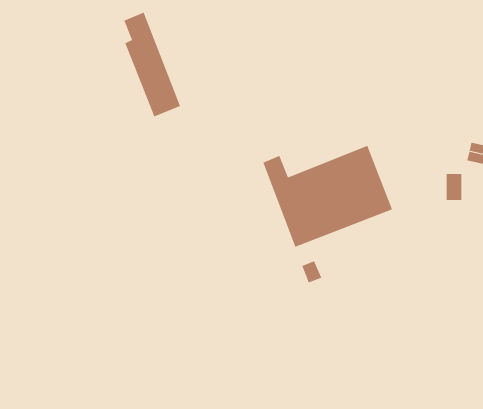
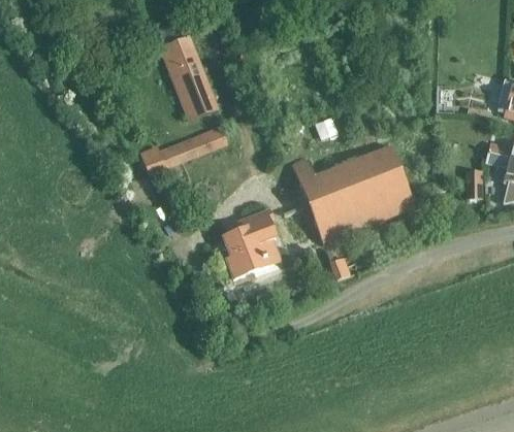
building: none -> [144,125,229,182]
building: none -> [224,210,281,277]

